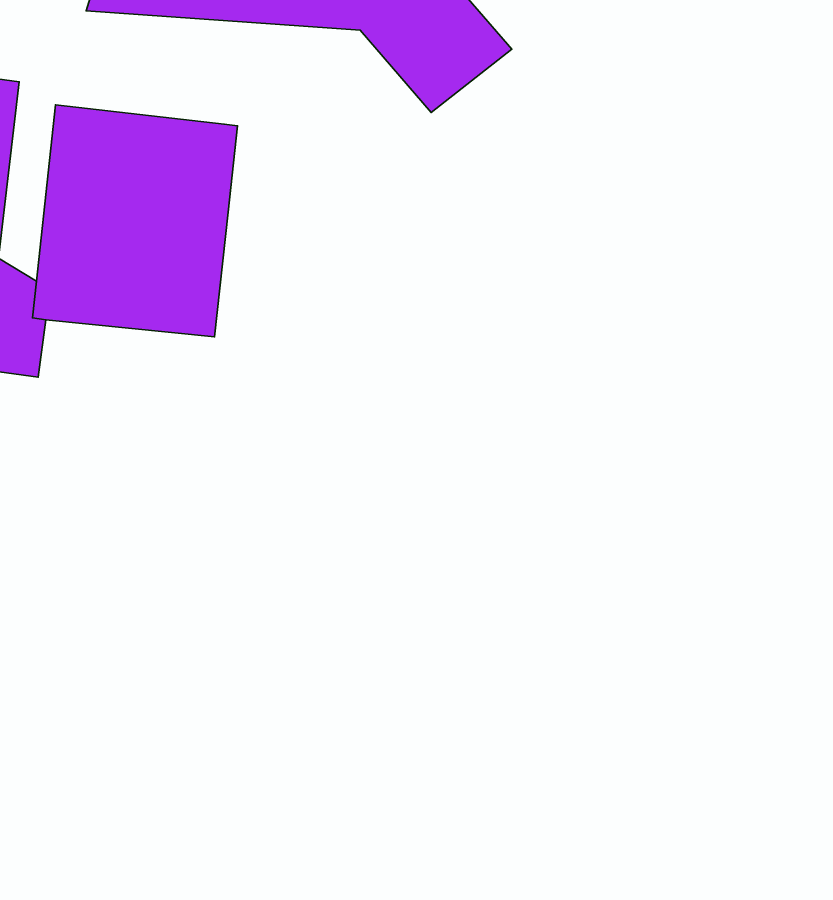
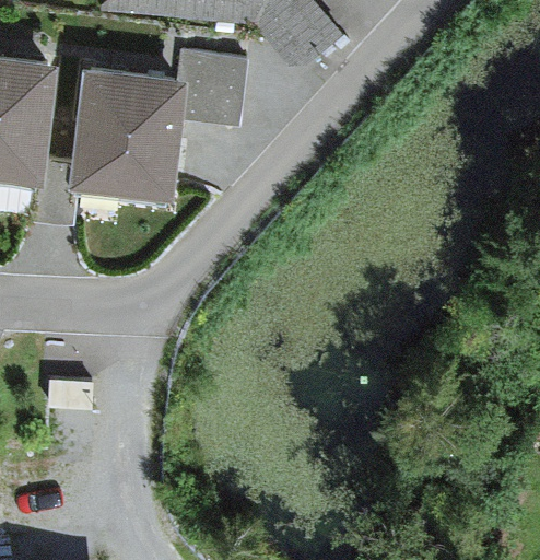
building: none -> [176,50,248,133]

